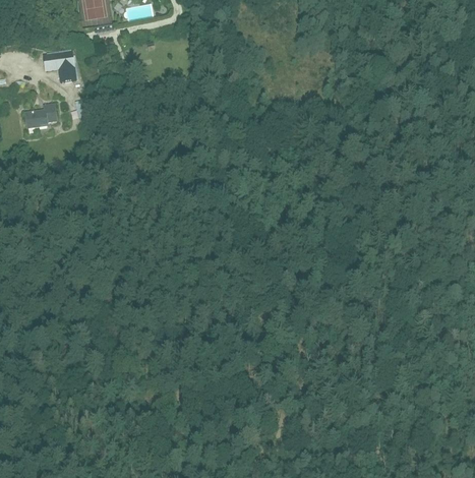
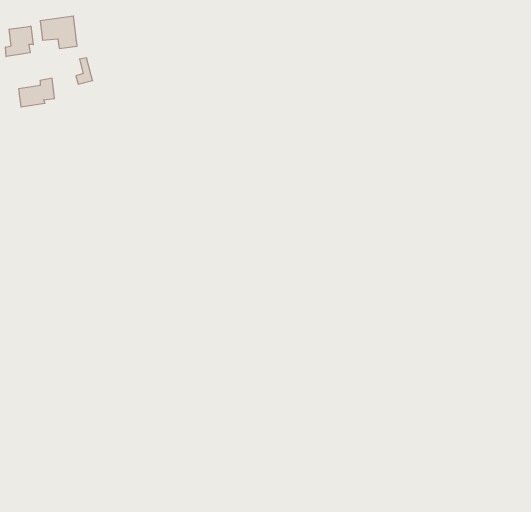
building: none -> [6,26,33,57]

